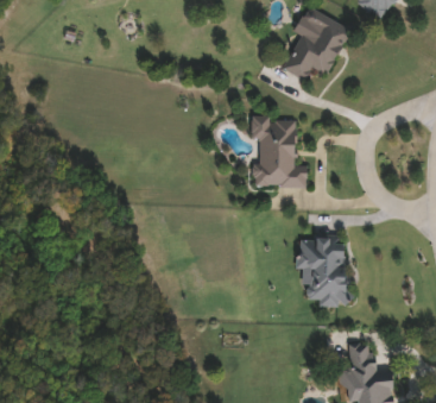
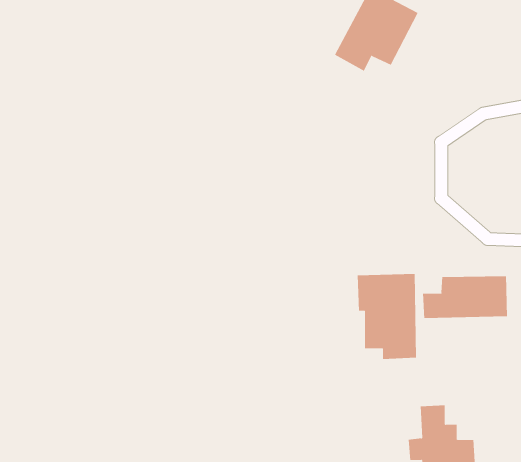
building: [252,114,305,187] -> none
building: none -> [423,276,507,319]

